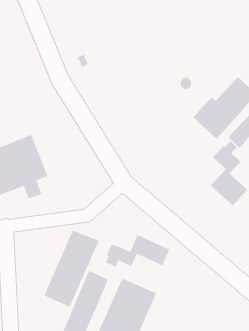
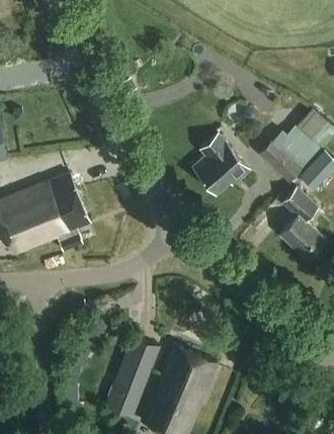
building: none -> [191,133,247,192]
building: [43,230,99,307] -> none
building: [105,234,170,267] -> none

